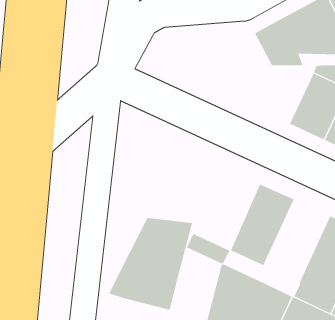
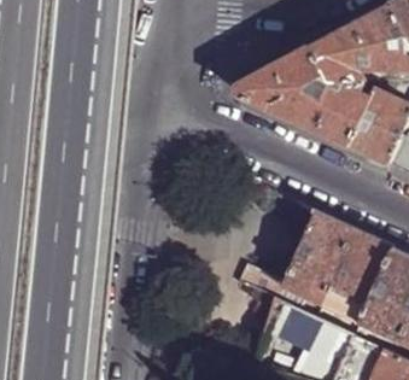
building: none -> [235,45,370,145]
building: none -> [320,228,392,320]
building: [109,217,193,310] -> none

